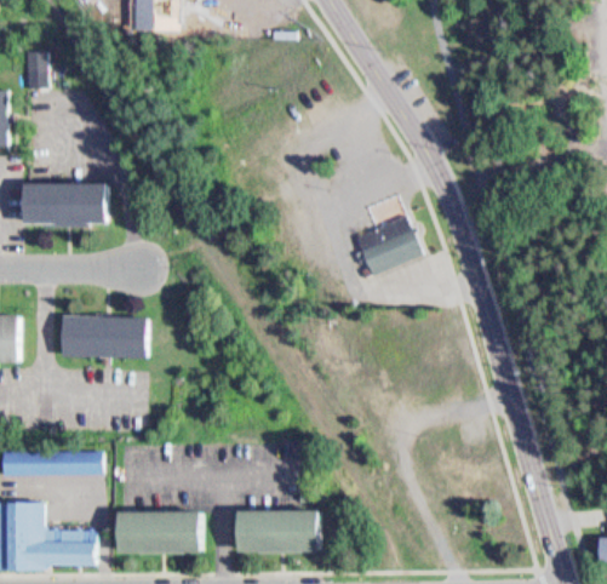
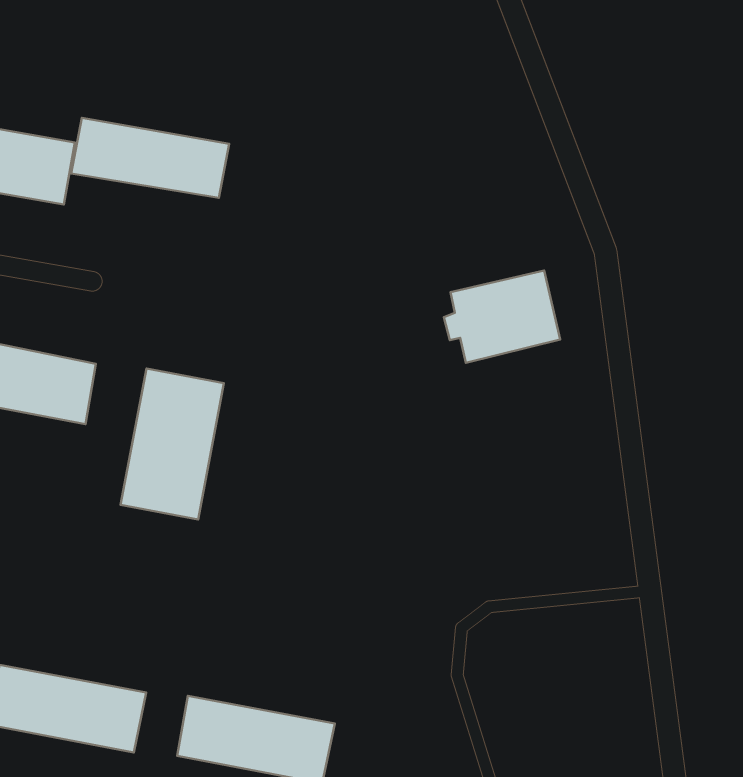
building: none -> [71,118,229,198]
building: none -> [121,368,224,519]

